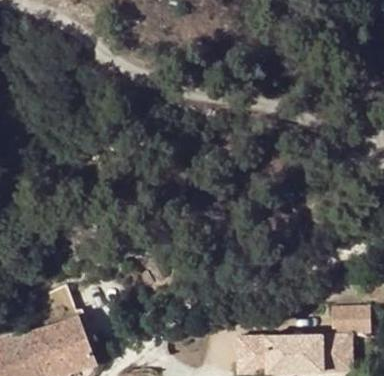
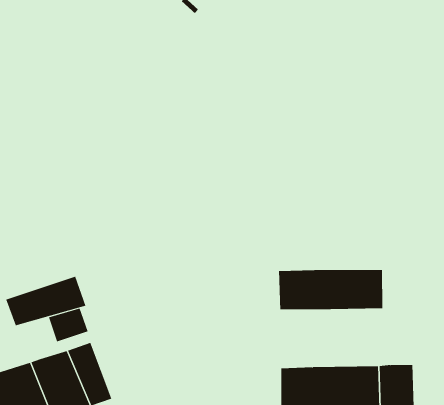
building: none -> [278,269,383,310]
building: none -> [5,276,86,326]
building: [330,304,370,334] -> none

